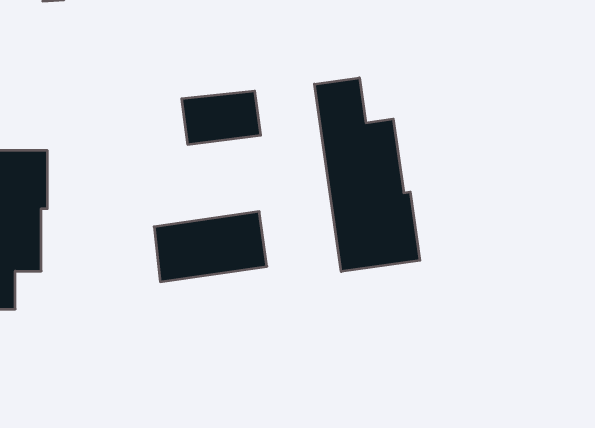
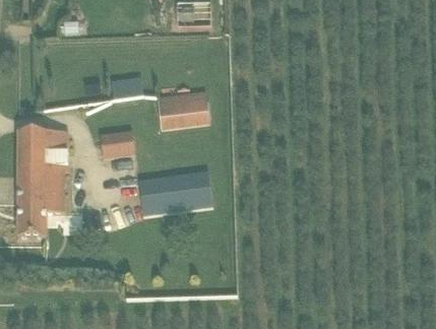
building: [314,78,420,272] -> none
building: none -> [100,131,135,159]

